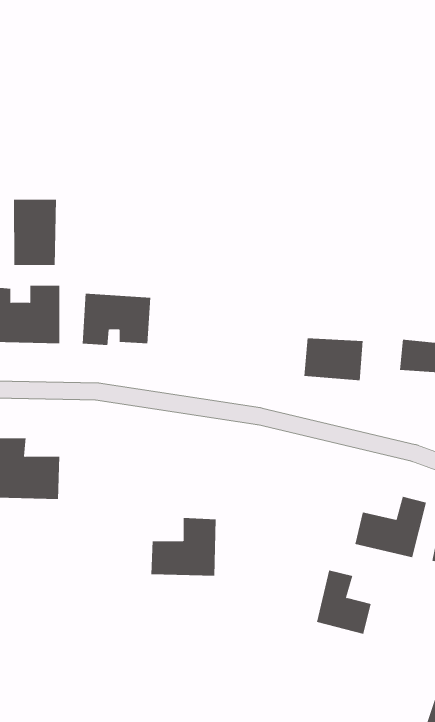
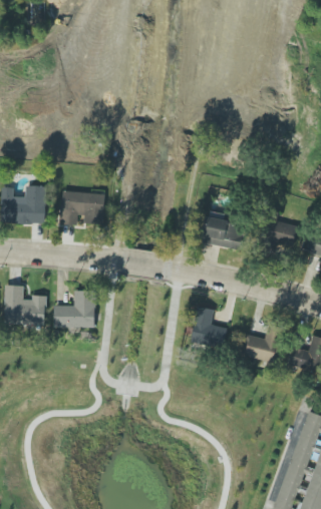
building: [13,199,56,266] -> none
building: [150,518,217,576] -> [53,291,96,329]
building: [316,570,372,635] -> [191,307,227,349]

